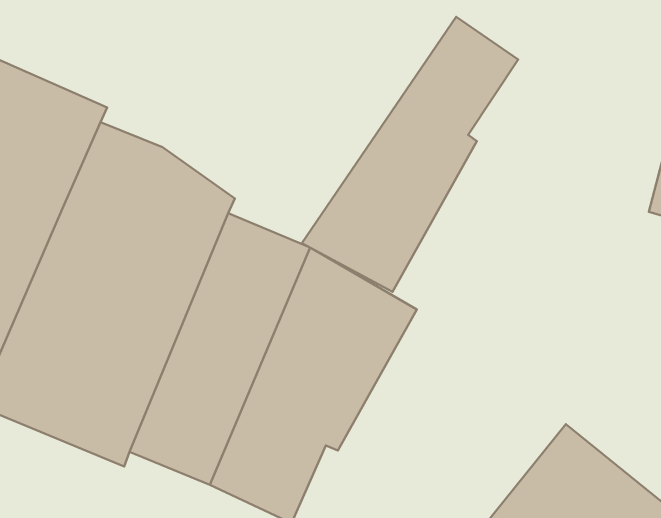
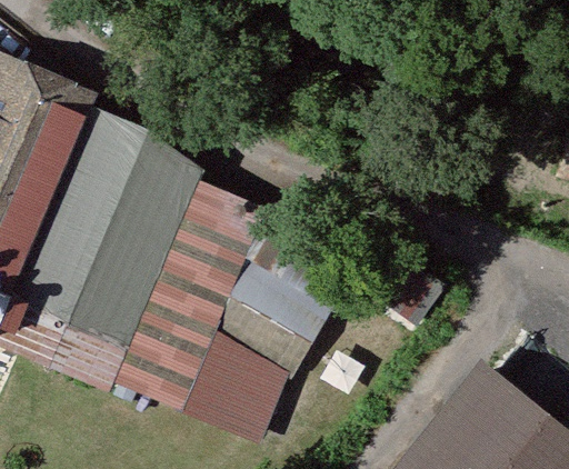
building: [302,17,518,292] -> none

